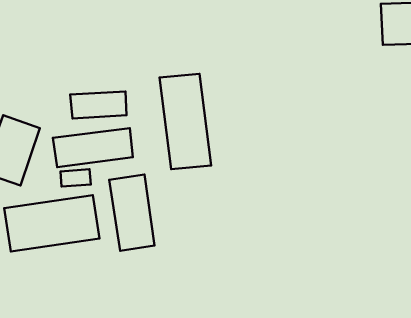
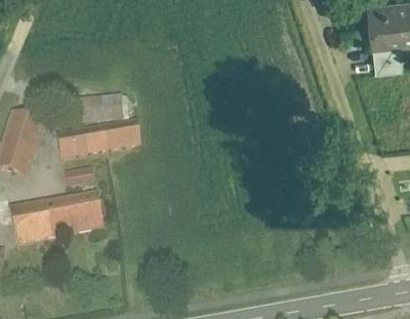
building: [159,74,211,169] -> none
building: [109,175,155,251] -> none

